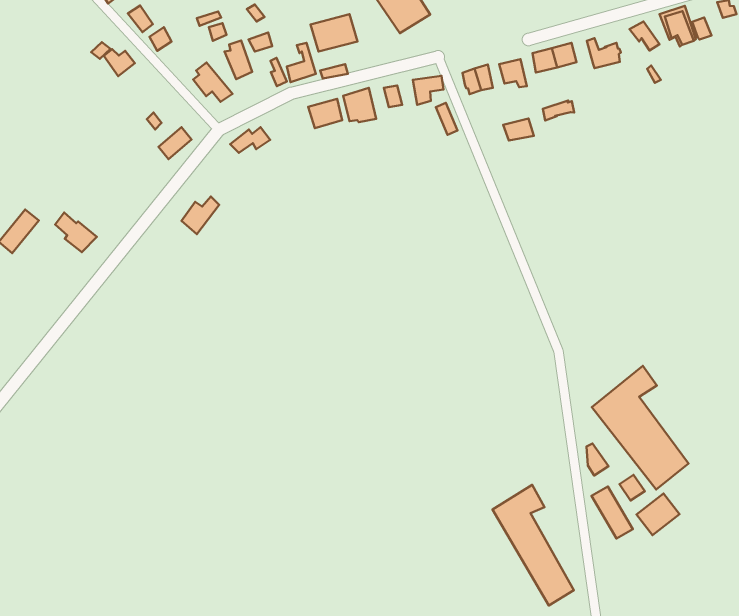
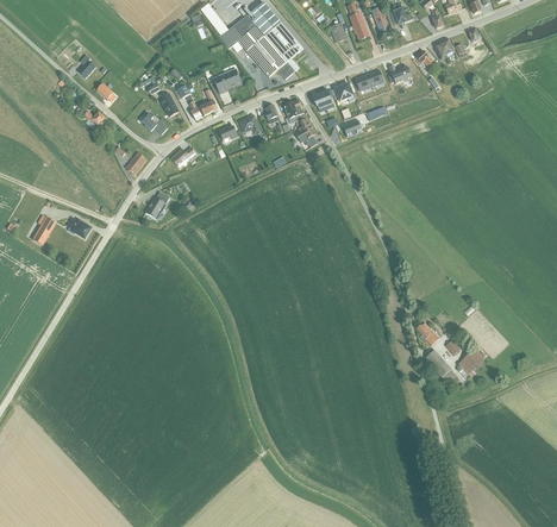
building: [592,366,688,489] -> none
building: [492,485,574,605] -> none

